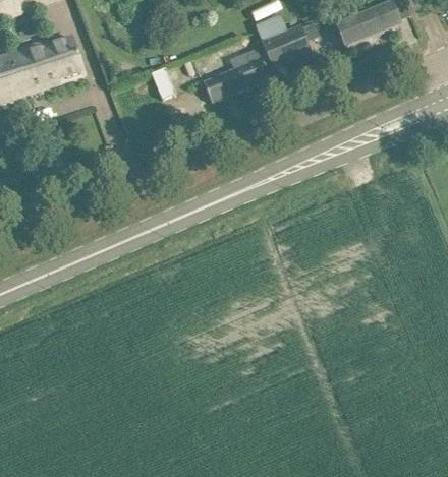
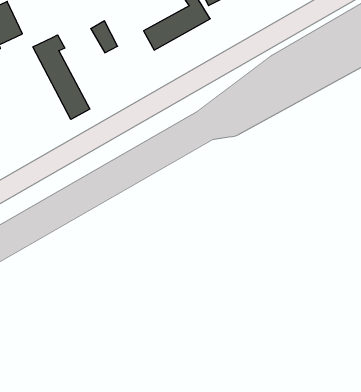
building: none -> [33,35,90,119]

